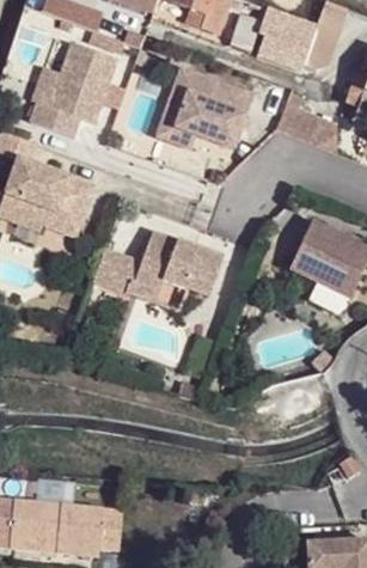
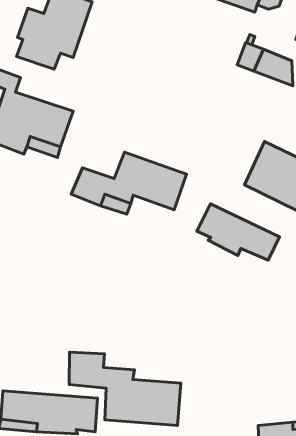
building: [155,68,252,149] -> none
building: none -> [197,204,280,260]
building: none -> [69,352,181,426]

